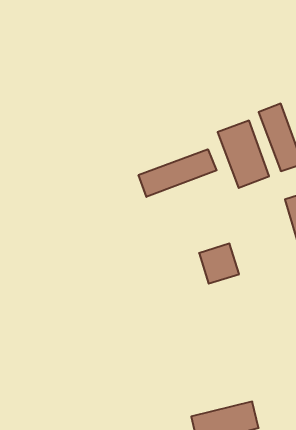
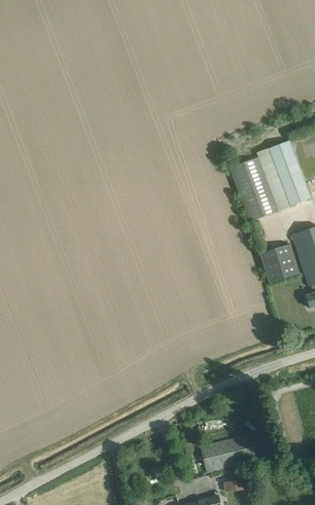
building: [139,149,217,197] -> none
building: [199,244,239,284] -> [259,244,299,283]

